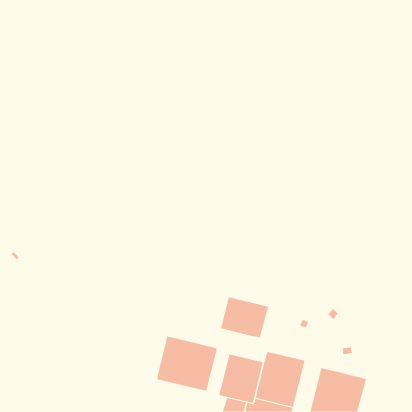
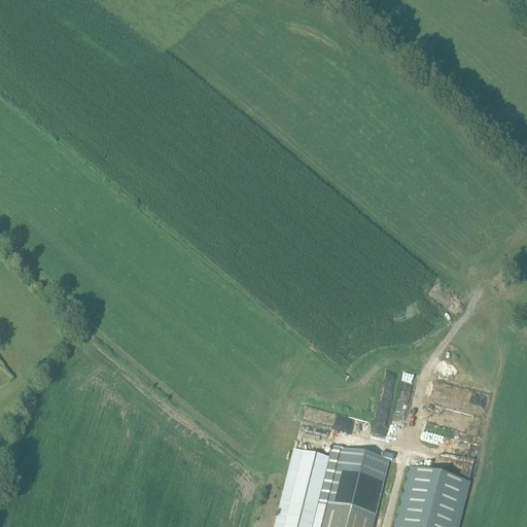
building: [221,296,269,338] -> none
building: [157,336,218,391] -> none

